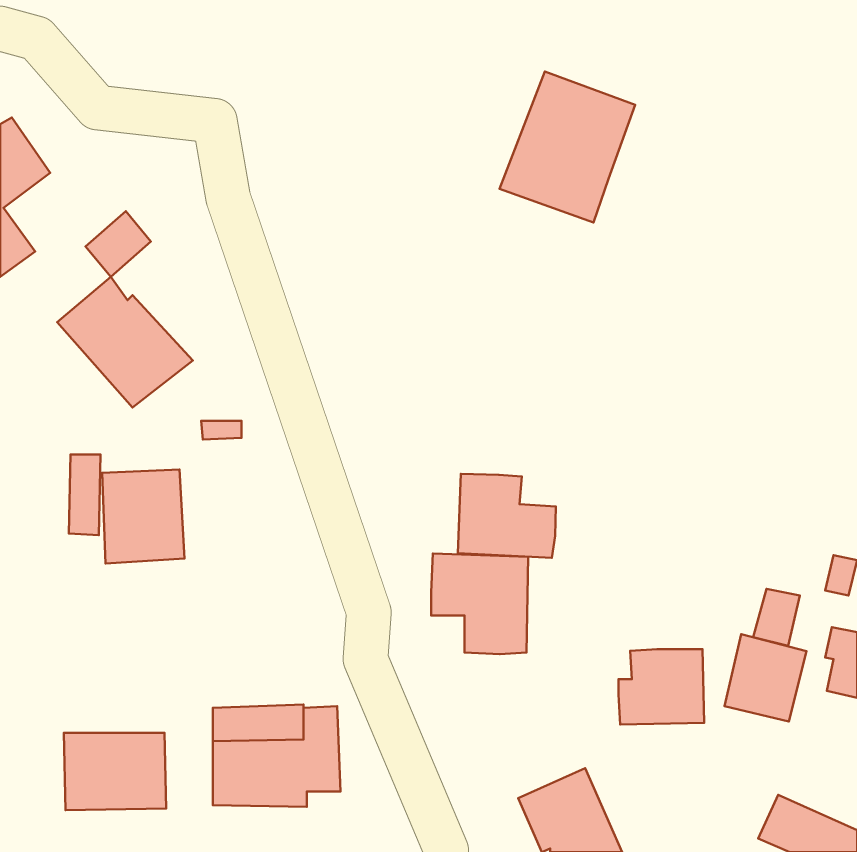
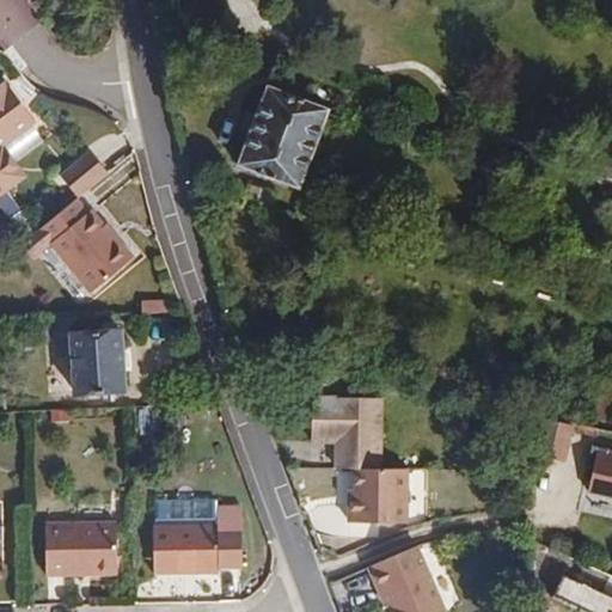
building: [499,71,635,222] -> [231,91,328,198]
building: [458,474,556,558] -> none
building: [725,634,807,721] -> none
building: [618,649,704,725] -> [348,465,409,519]

